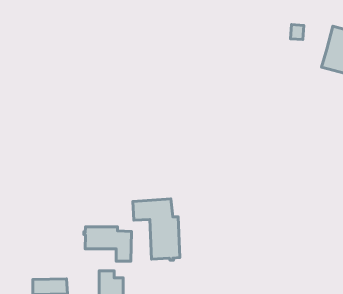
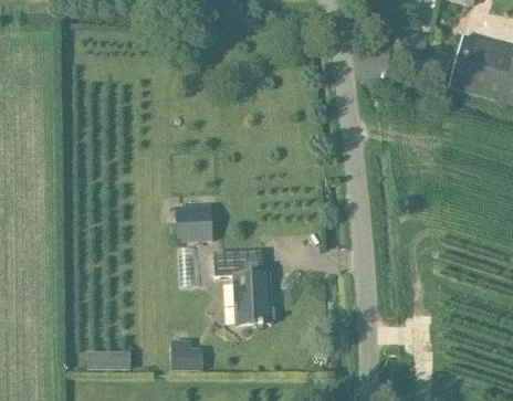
building: none -> [178,207,213,241]
building: [84,227,131,261] -> none

